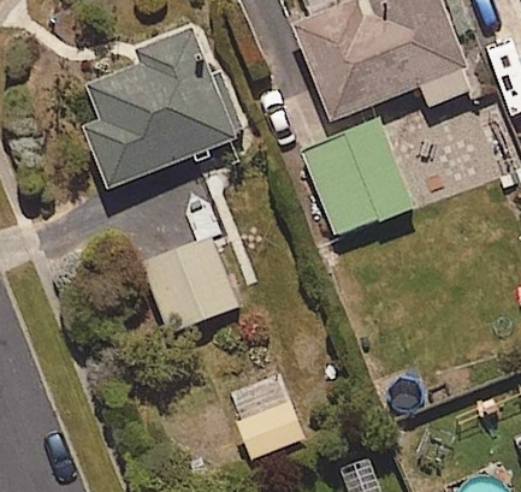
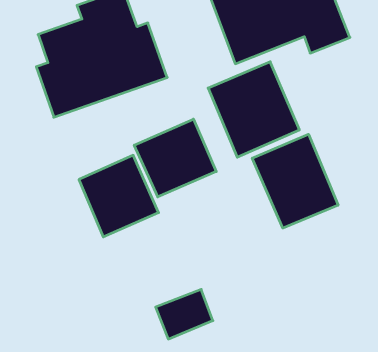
building: none -> [134,119,216,197]
building: none -> [252,134,338,228]

